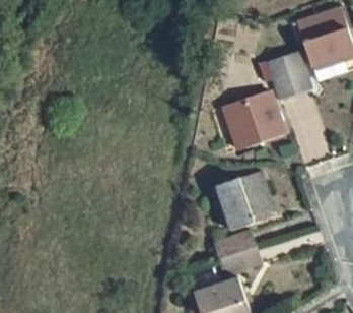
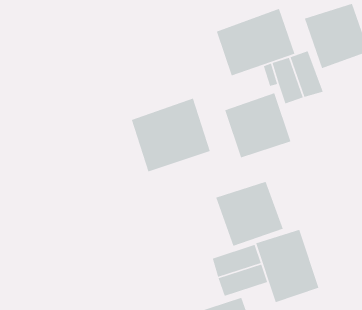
building: none -> [216,8,295,77]
building: none -> [131,98,211,173]
building: none -> [255,229,319,303]

